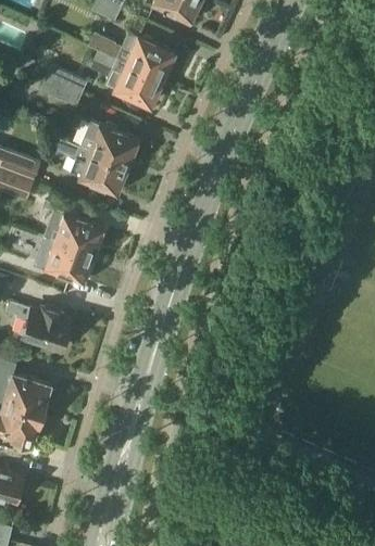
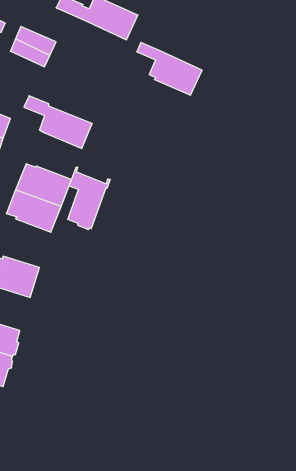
building: [93,50,162,105] -> [137,42,202,95]
building: [80,122,137,167] -> none
building: none -> [68,167,110,230]

